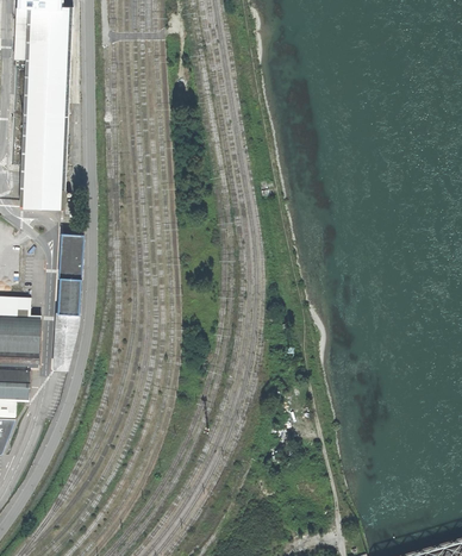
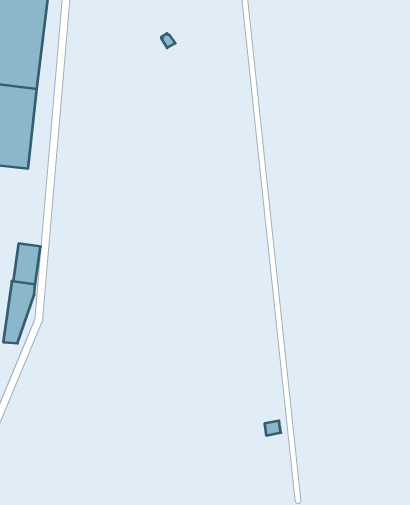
building: [58,235,82,281] -> none

